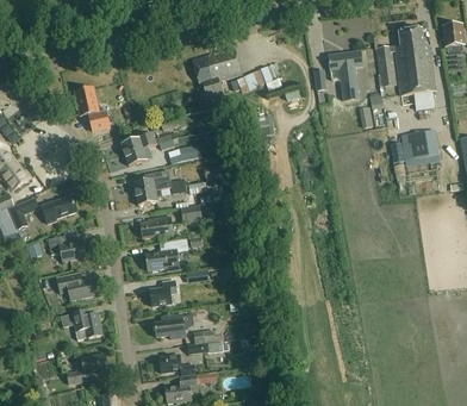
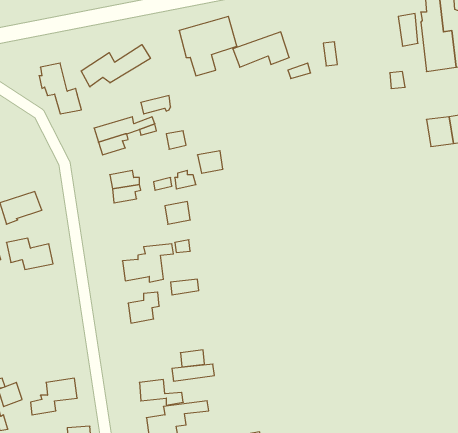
building: [328,50,361,101] -> none
building: none -> [81,45,150,87]
building: [139,216,172,237] -> none
building: [56,273,93,300] -> none
building: [60,307,101,339] -> none
building: [154,313,185,338] -> none

